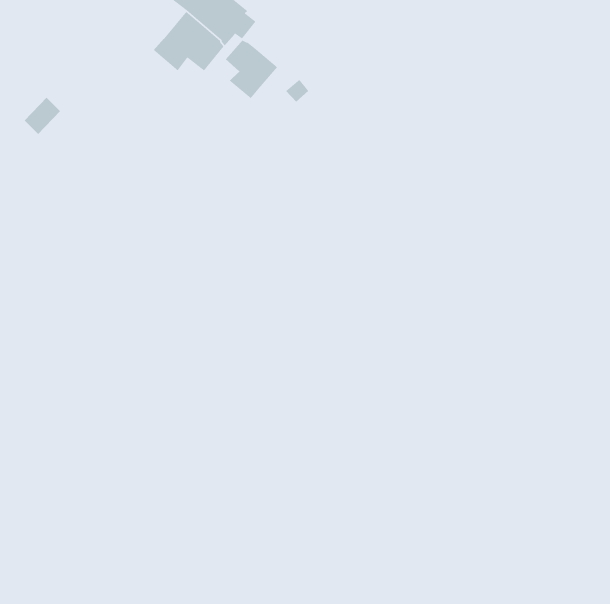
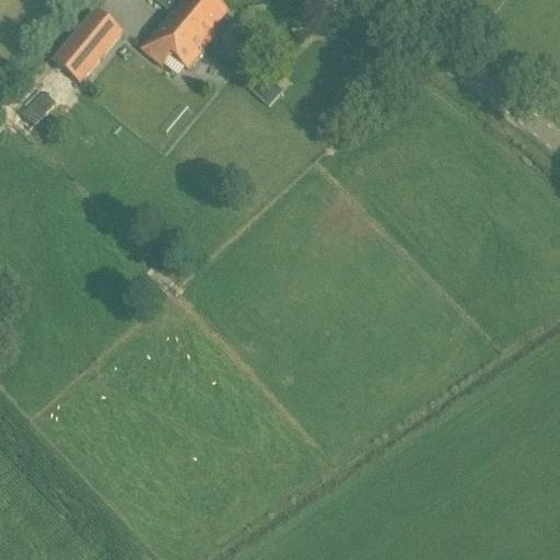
building: none -> [51,7,124,82]
building: [225,39,278,99] -> none

